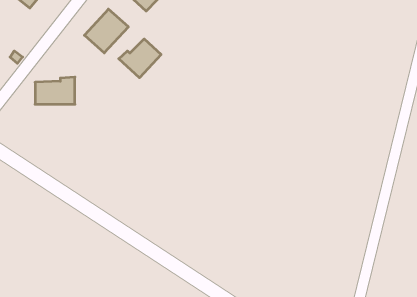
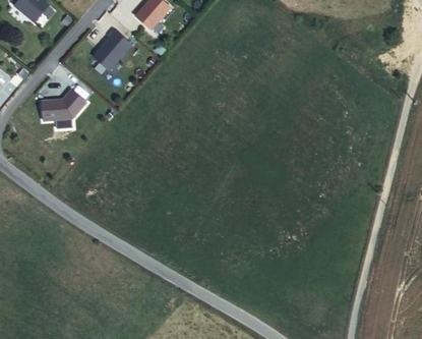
building: [119,39,161,78] -> none

